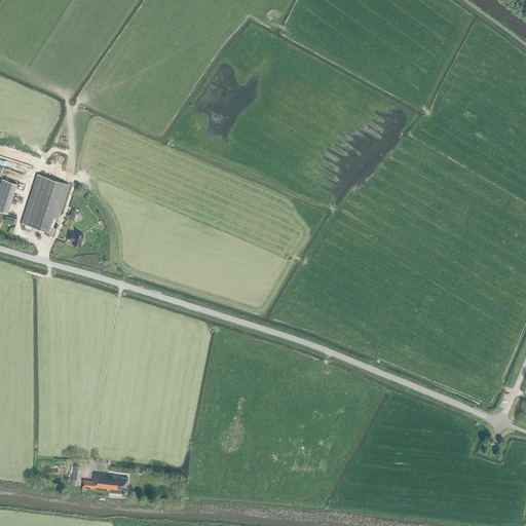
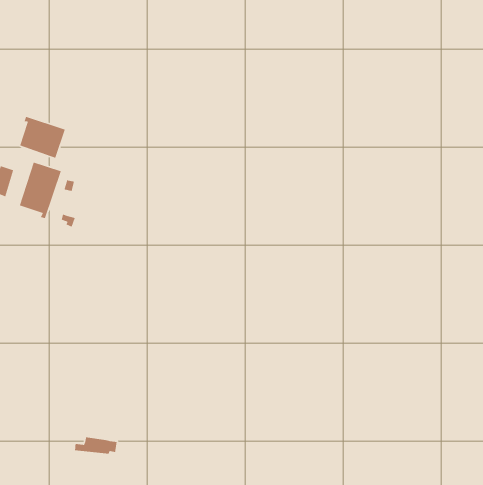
building: none -> [19,116,66,159]

